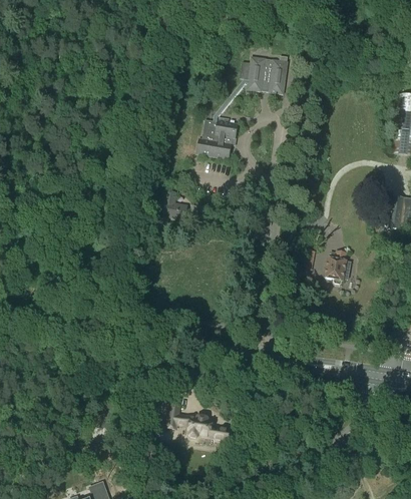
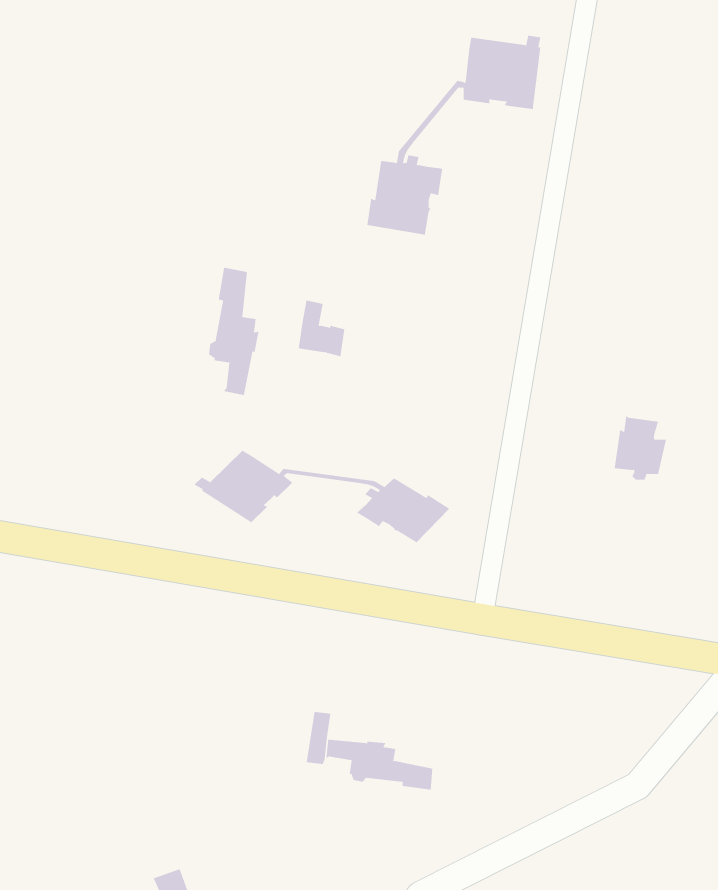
building: none -> [209,267,259,396]
building: none -> [194,450,450,543]

